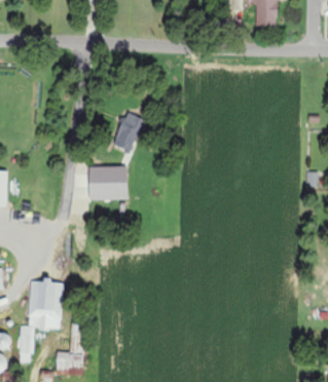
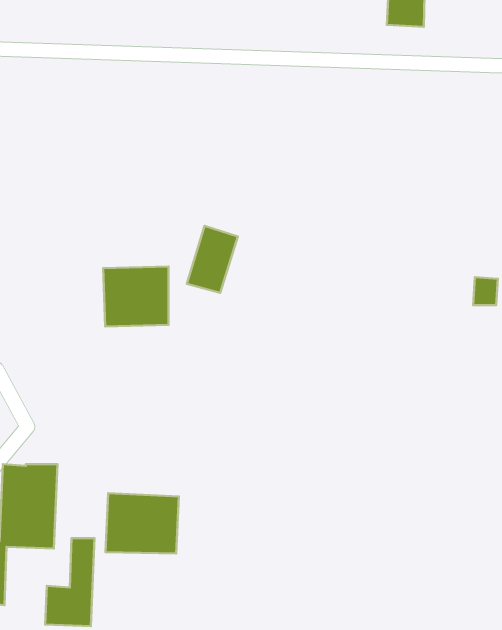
building: [114,112,144,151] -> [187,226,238,293]
building: none -> [106,493,179,554]

